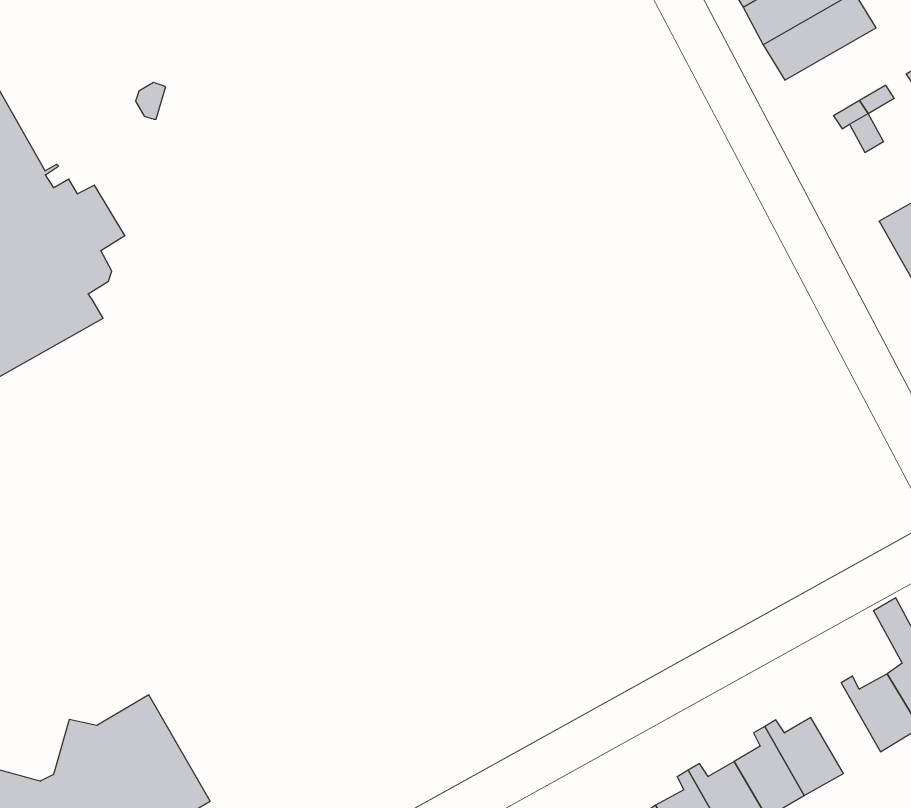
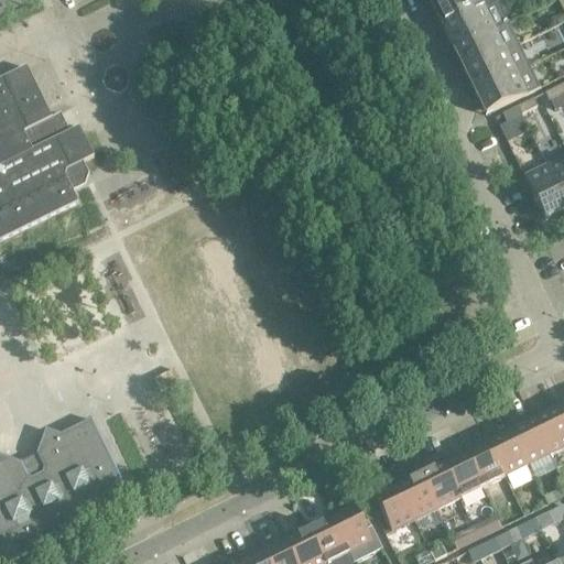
building: none -> [475,64,540,113]
building: none -> [466,435,505,487]

